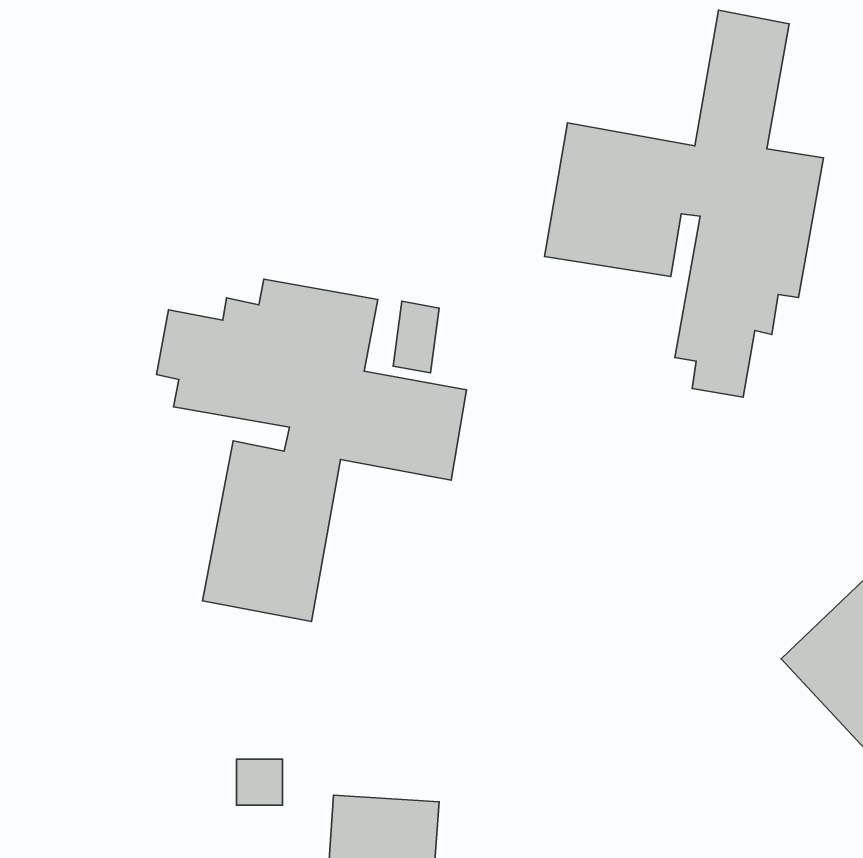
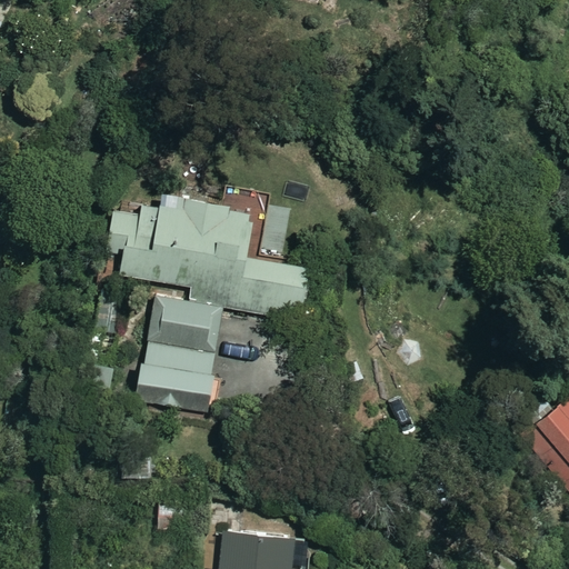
building: [544,10,823,397] -> none

